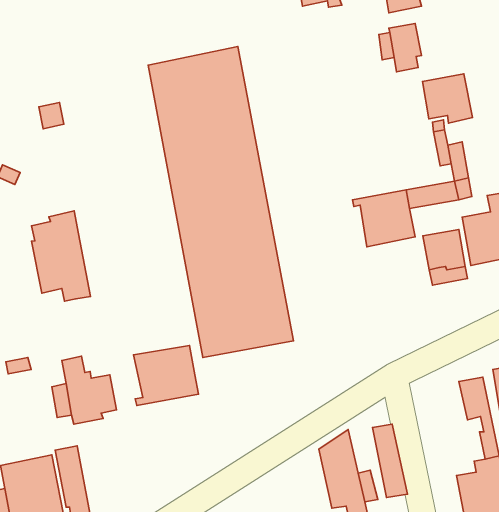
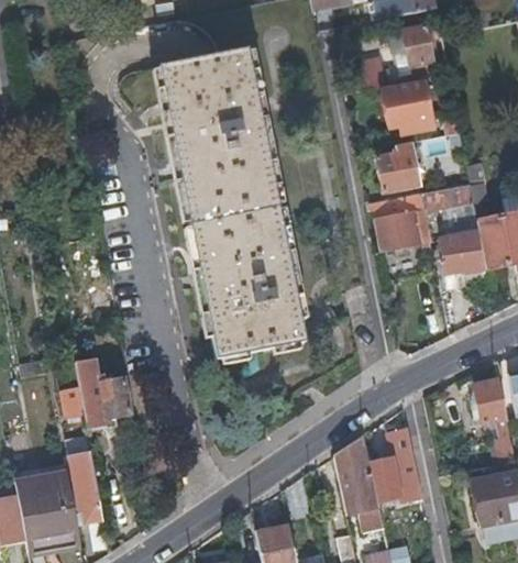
building: [422,74,473,123] -> [382,81,432,131]
building: none -> [374,142,417,191]
building: [31,211,91,301] -> none
building: [134,345,198,406] -> none

